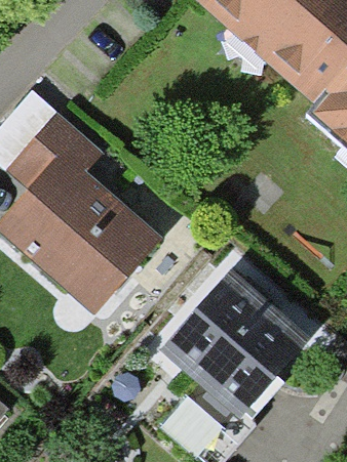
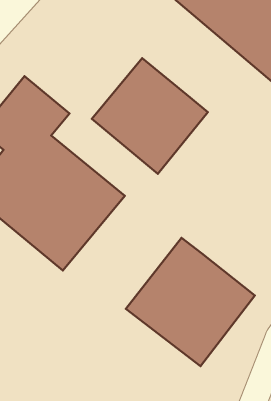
building: none -> [92,58,208,174]

